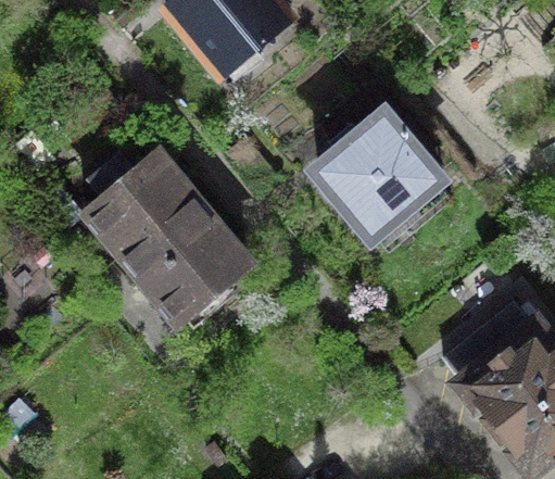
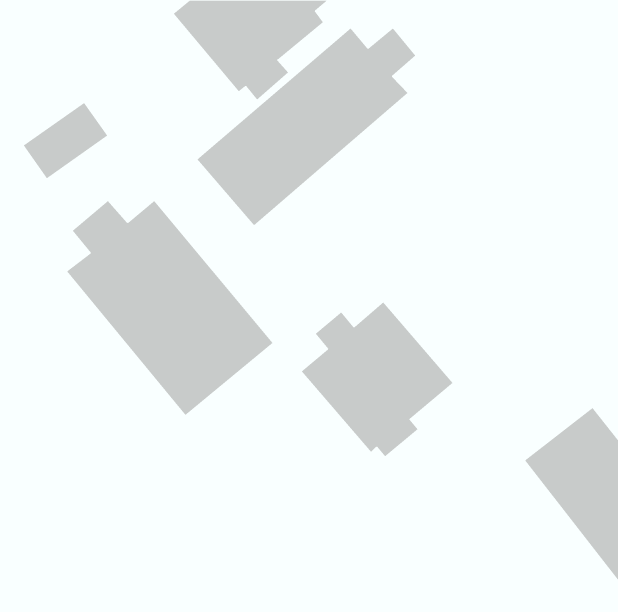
building: none -> [197,27,416,226]
building: [319,117,438,238] -> [301,302,454,457]

